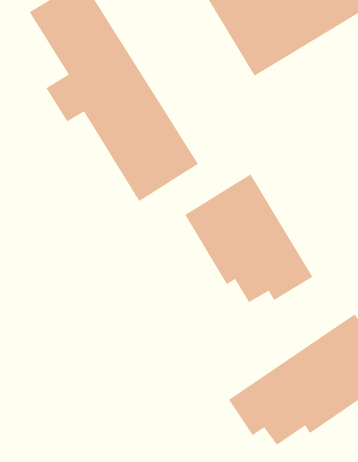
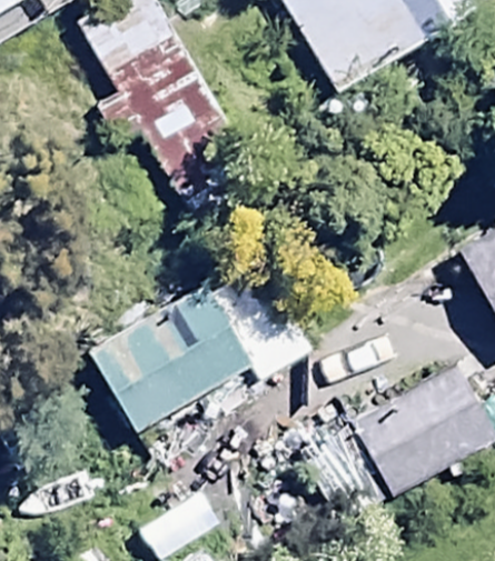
building: [184,174,313,303] -> none
building: none -> [86,278,253,431]

